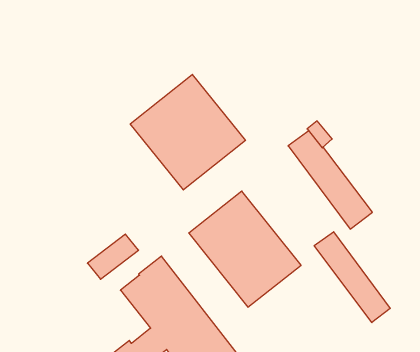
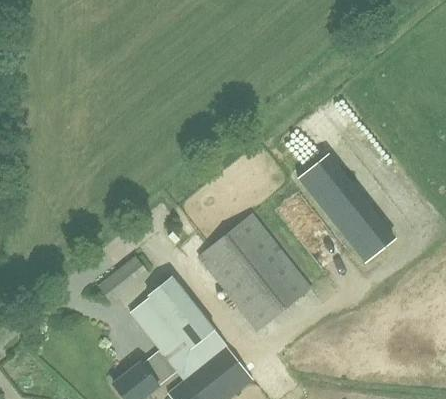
building: [130,74,245,190] -> none
building: [314,232,390,323] -> none

